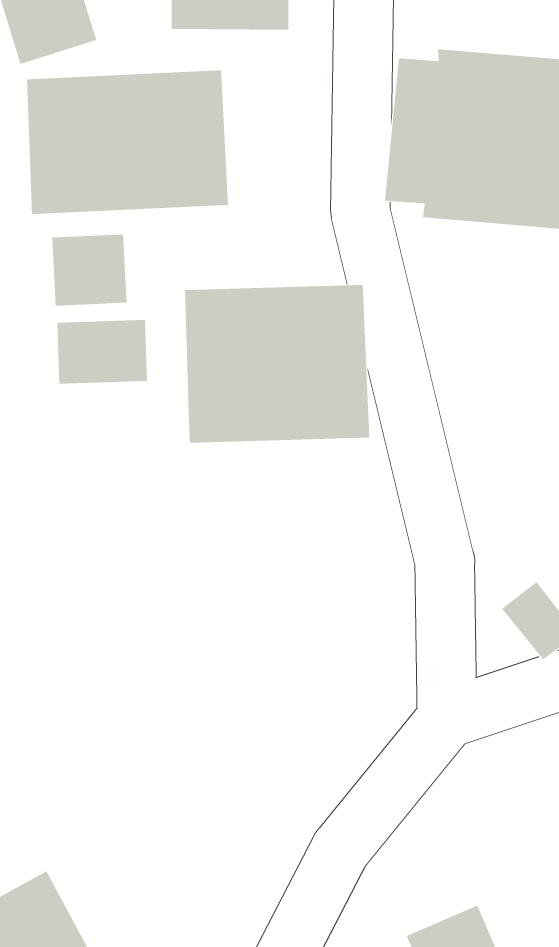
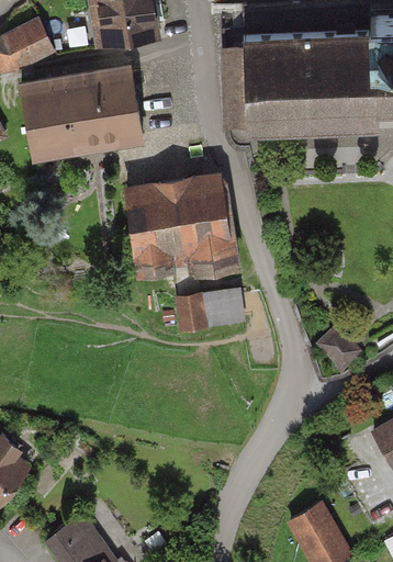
building: [52,234,127,306] -> none
building: [57,319,147,384] -> none
building: none -> [177,289,244,329]

